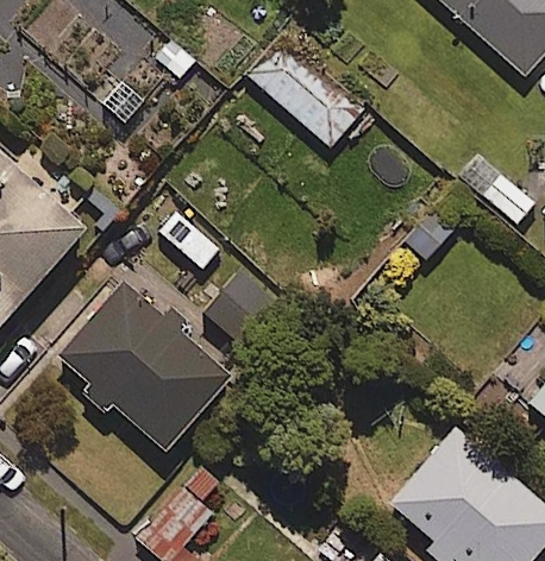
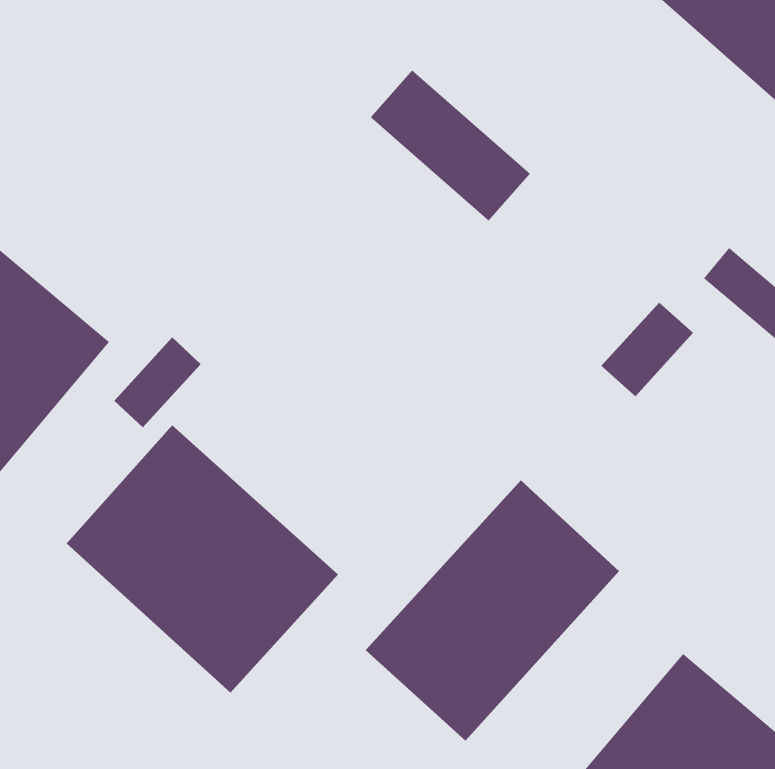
building: none -> [365,479,620,741]

